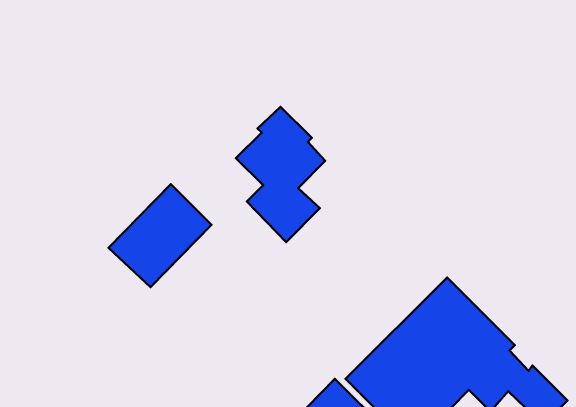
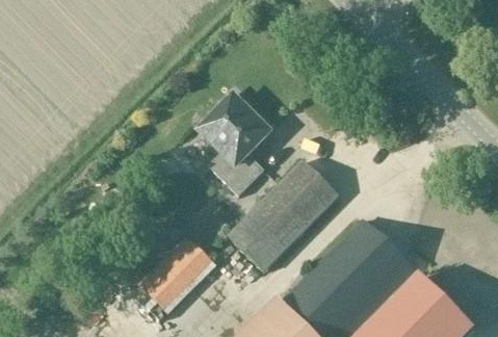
building: [109,184,211,287] -> [138,234,217,313]
building: none -> [228,158,340,270]

